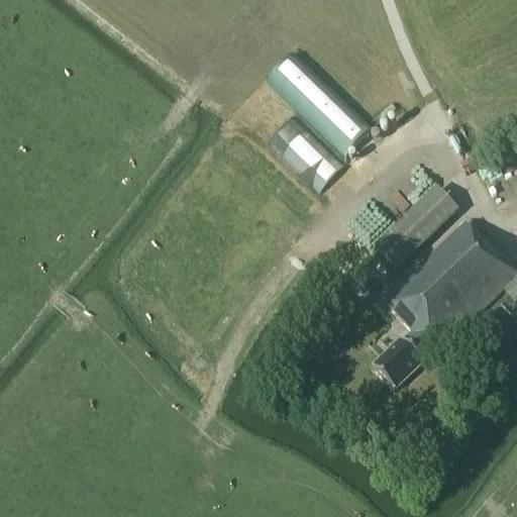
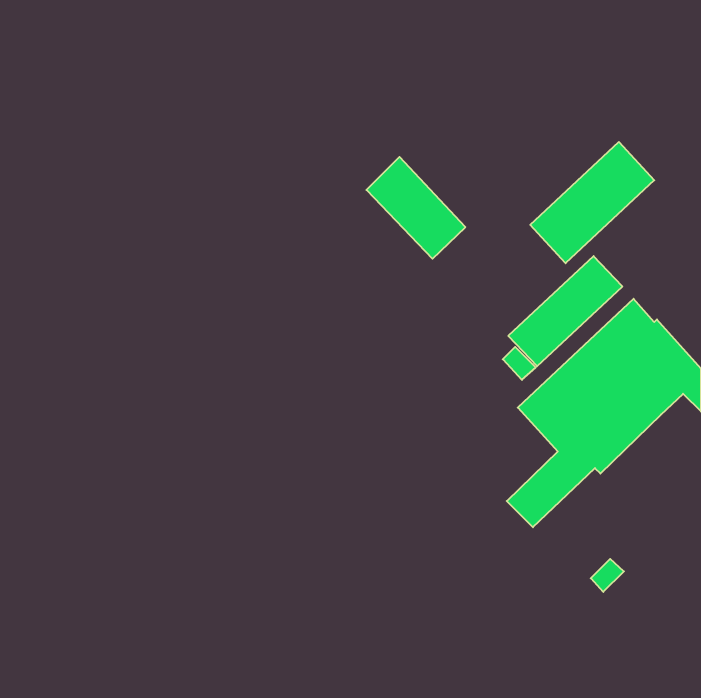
building: [264,50,373,157] -> none
building: none -> [530,142,654,263]

